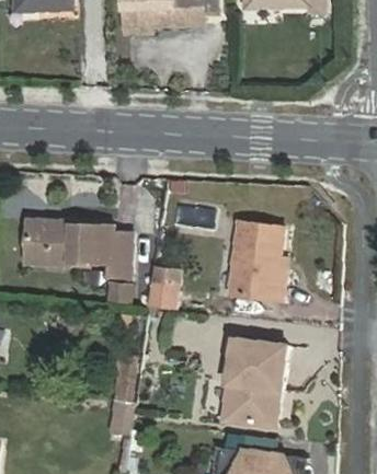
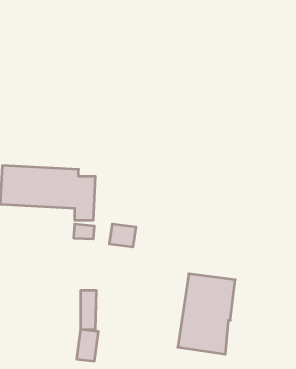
building: [229,223,283,299] -> none

